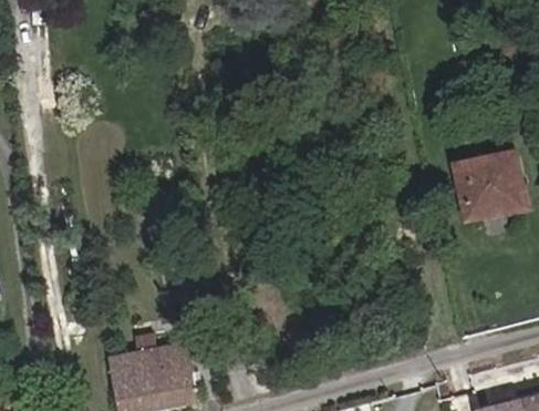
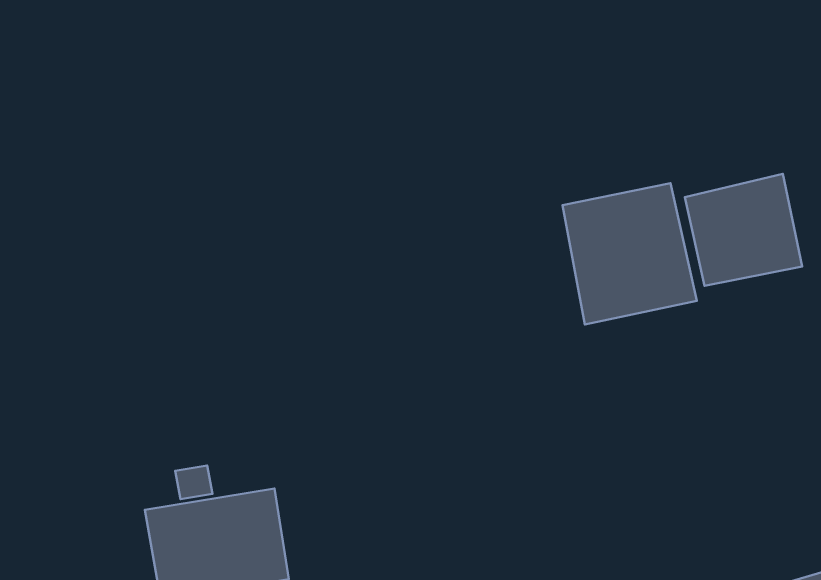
building: none -> [562,183,697,325]

